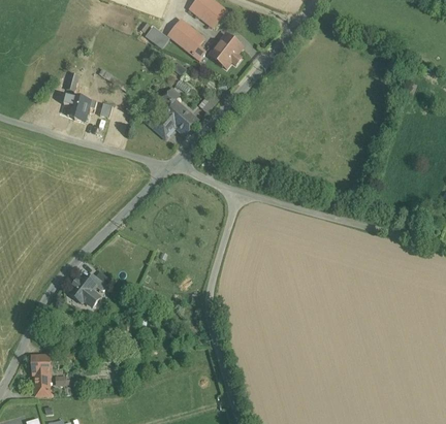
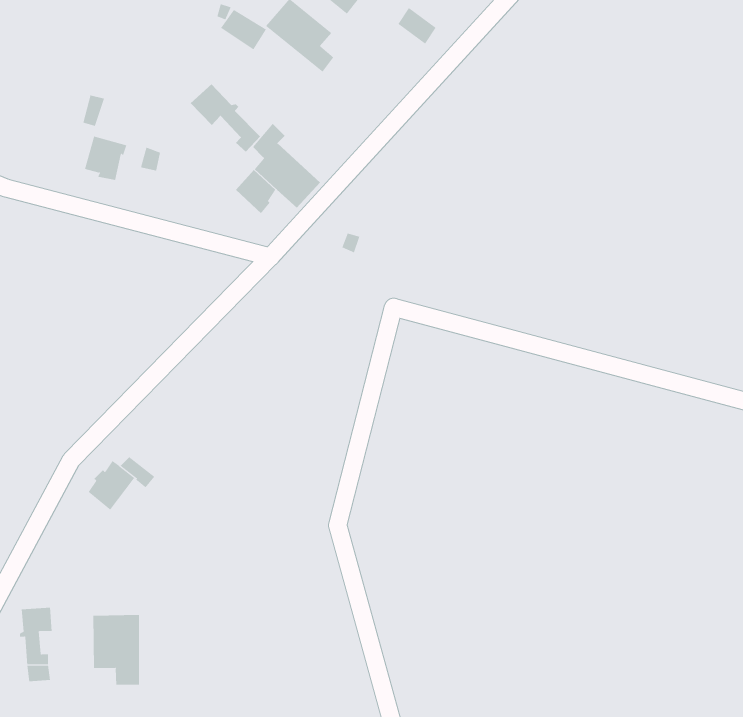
building: [208,34,243,68] -> none
building: none -> [190,83,261,153]
building: none -> [93,614,140,686]

